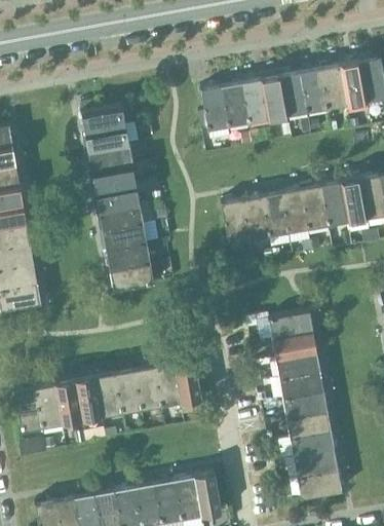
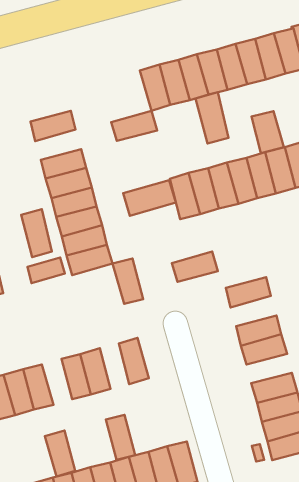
building: [80,106,126,134] -> none
building: none -> [196,92,229,144]
building: none -> [252,111,284,153]
building: [87,146,133,174] -> [111,111,157,141]
building: none -> [123,180,176,216]
building: none -> [21,209,52,257]
building: none -> [27,257,65,283]
building: [271,333,317,361] -> [172,252,218,282]
building: [174,361,201,406] -> [113,259,143,304]
building: [135,368,161,413] -> [106,415,135,460]
building: [74,378,102,424] -> [45,431,75,477]
building: [282,393,328,420] -> none

